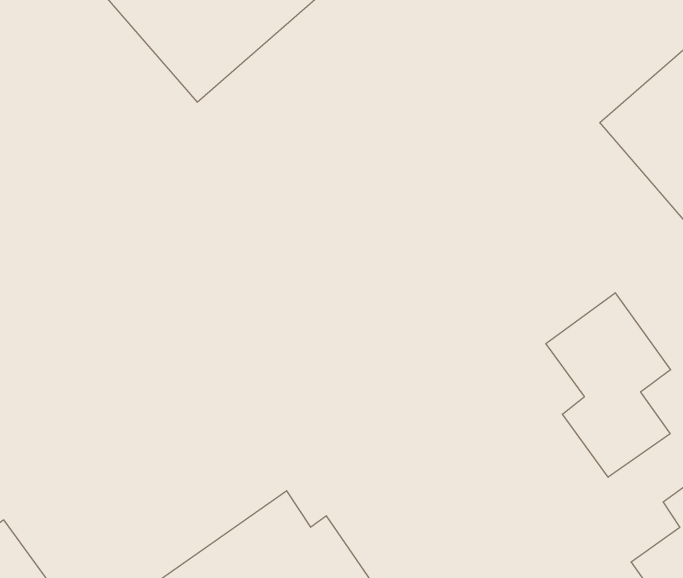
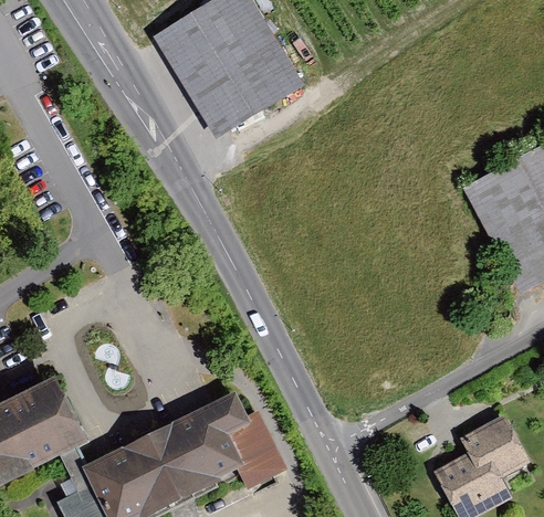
building: [546,293,671,477] -> none

